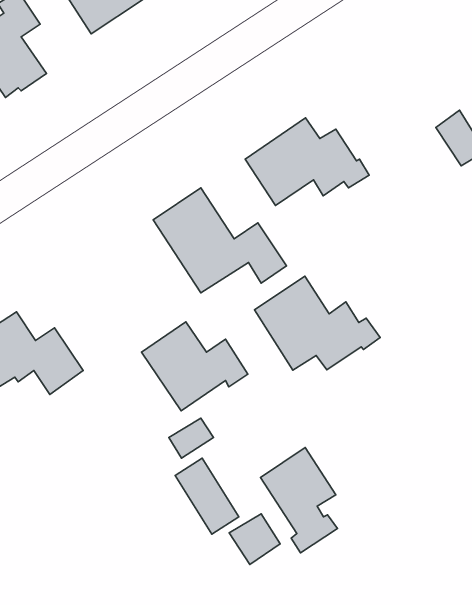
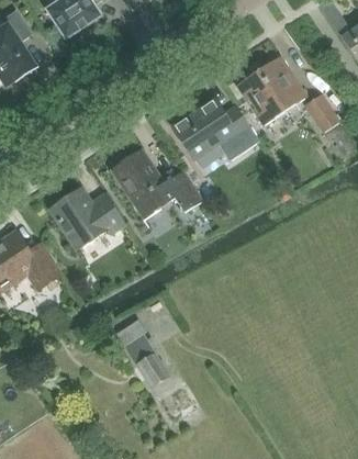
building: none -> [236,56,306,125]
building: [255,276,380,370] -> none
building: [141,322,248,411] -> [49,188,123,249]
building: [260,447,337,553] -> none

